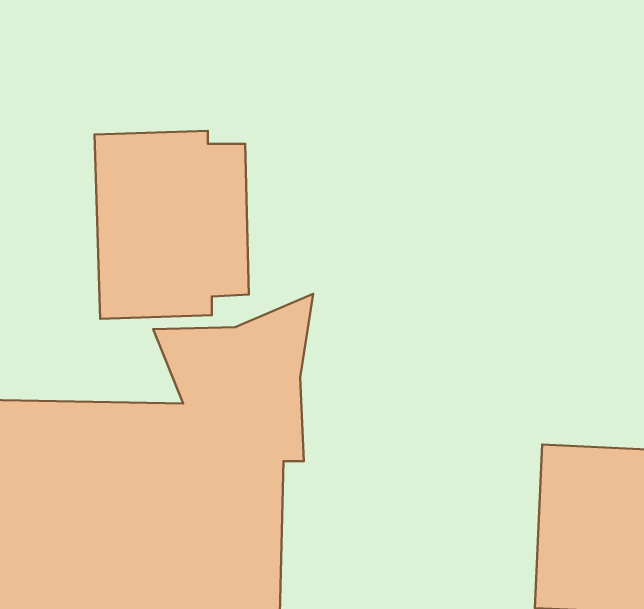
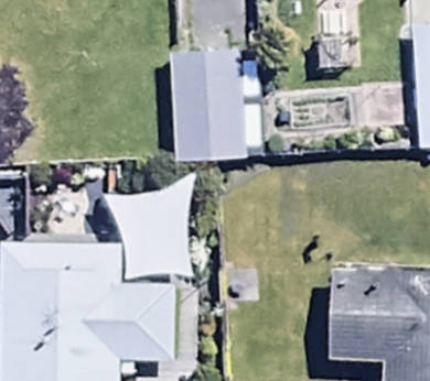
building: [94,131,249,319] -> [169,52,260,163]

